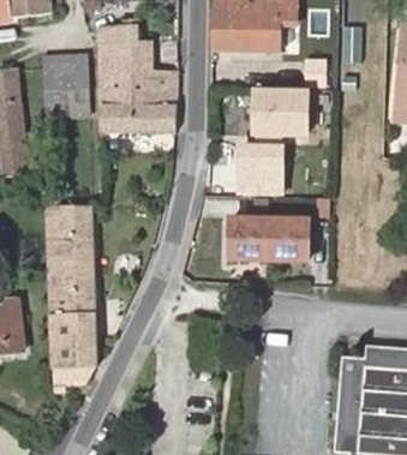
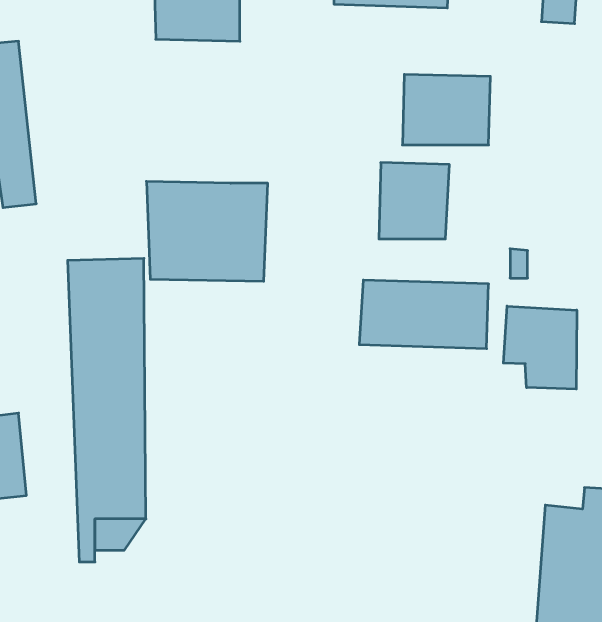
building: [46,54,86,113] -> none
building: [101,71,175,132] -> [146,181,268,281]
building: none -> [503,306,577,389]

